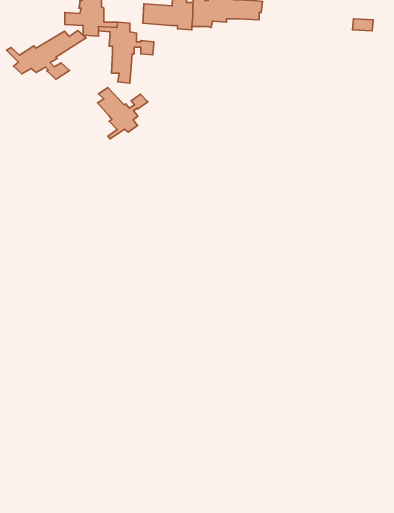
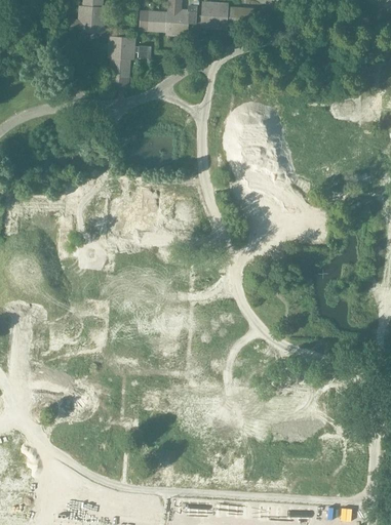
building: [6,30,86,79] -> none
building: [98,87,148,139] -> none

